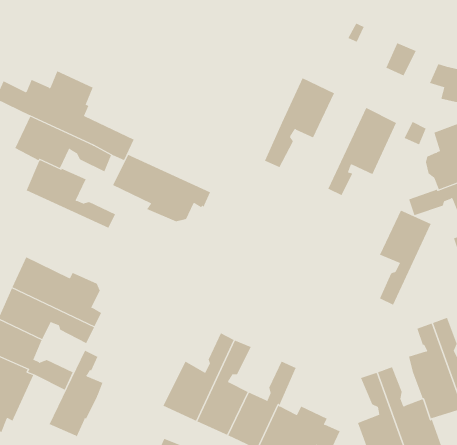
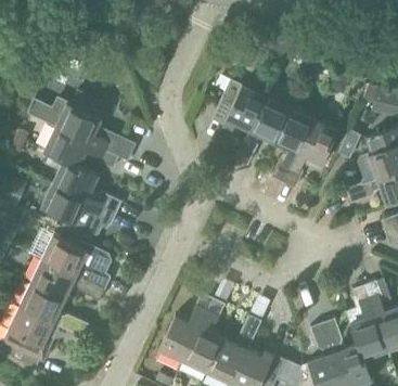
building: none -> [211,79,265,130]
building: [112,154,211,222] -> [40,182,116,234]
building: [379,210,431,305] -> [273,107,313,181]
building: [49,350,103,438] -> none

